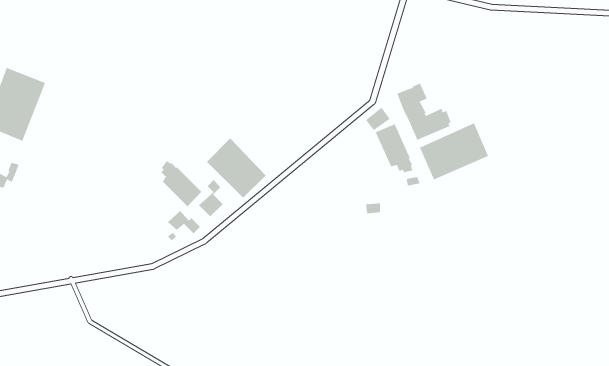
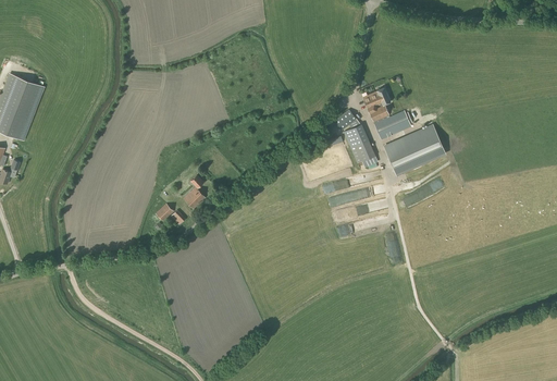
building: [206,138,266,198] -> none
building: [161,160,202,207] -> none

